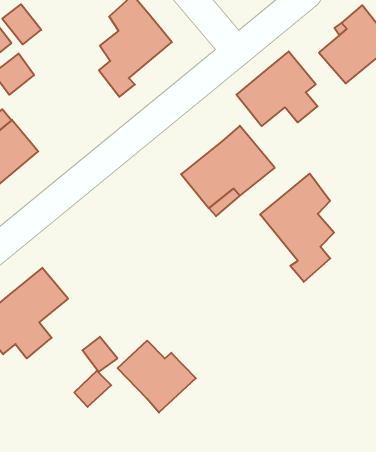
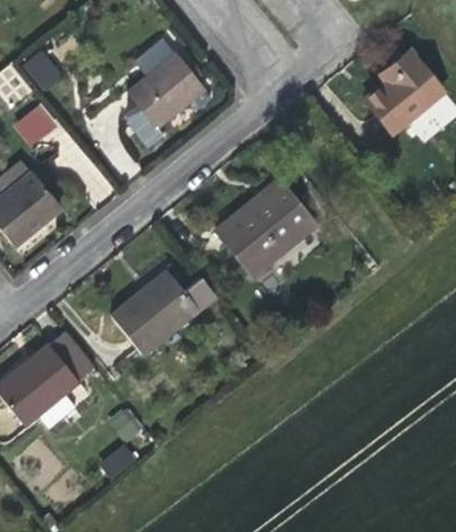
building: [236,51,318,126] -> none
building: [260,174,334,282] -> none
building: none -> [111,269,200,355]
building: [118,341,196,413] -> none

